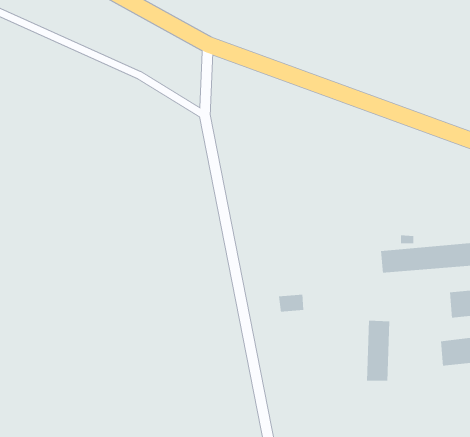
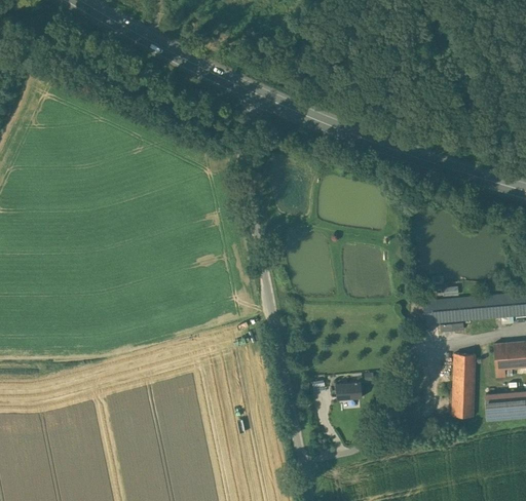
building: [278,294,304,312] -> [337,379,364,397]
building: [366,320,390,381] -> [451,354,476,417]

